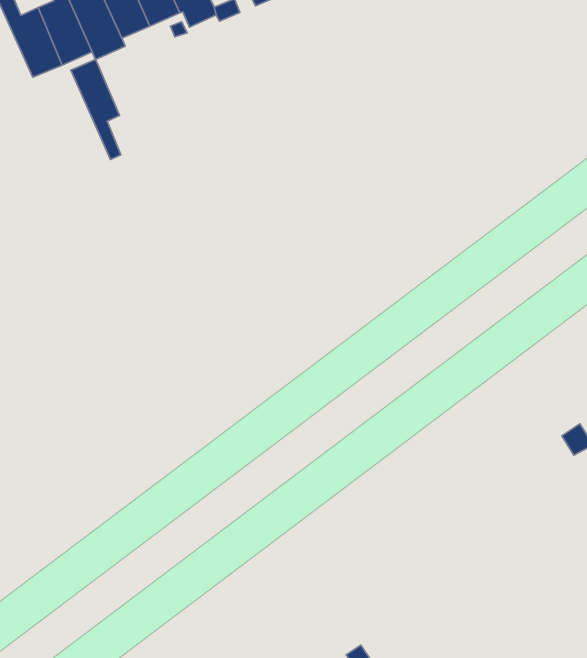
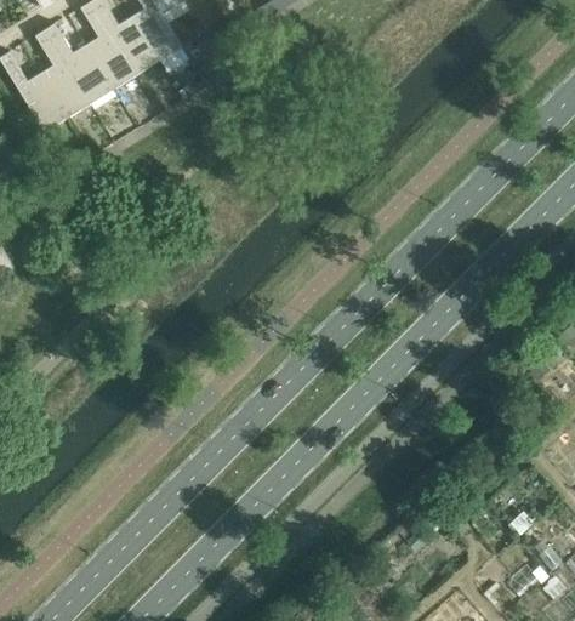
building: [71,60,121,159] -> none

